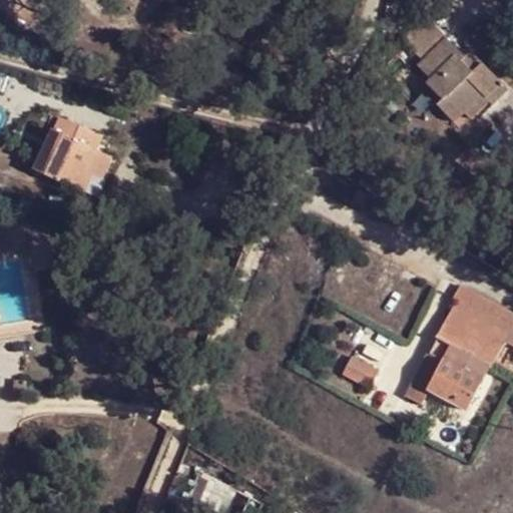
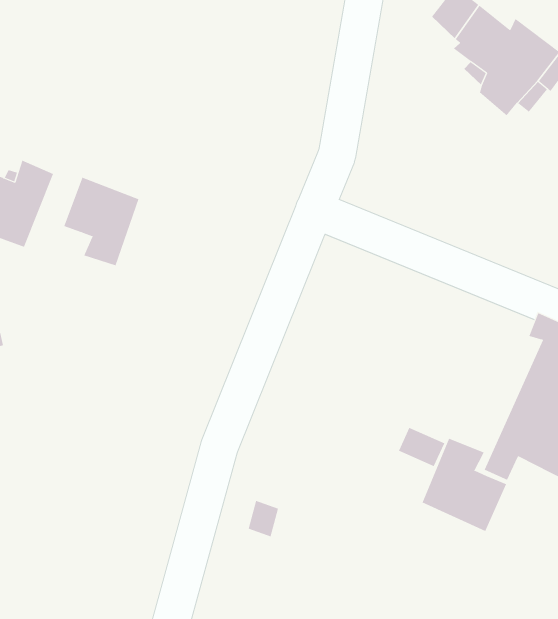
building: none -> [64,177,139,266]
building: none -> [422,438,507,532]

